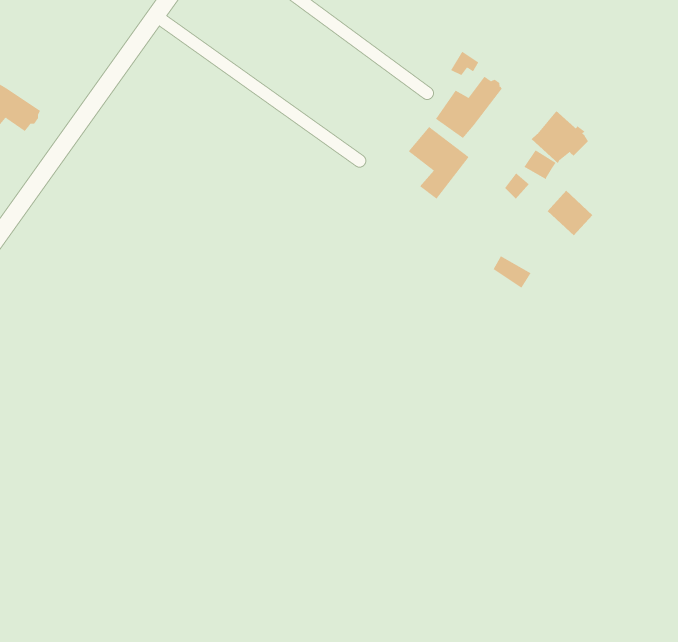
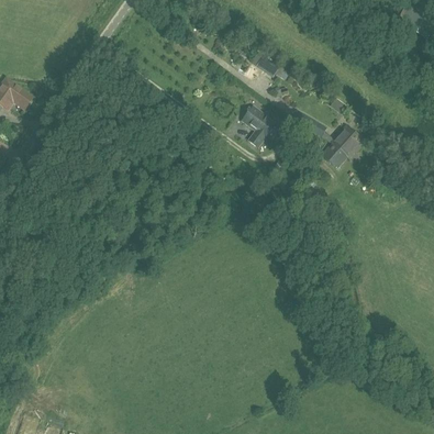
building: [435,76,503,139] -> none
building: [531,110,589,164] -> [332,124,365,155]

